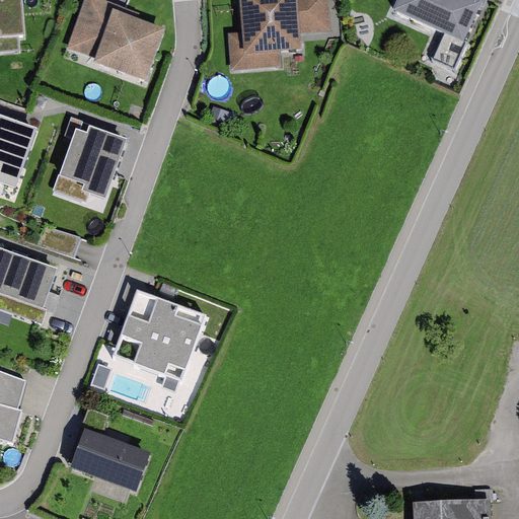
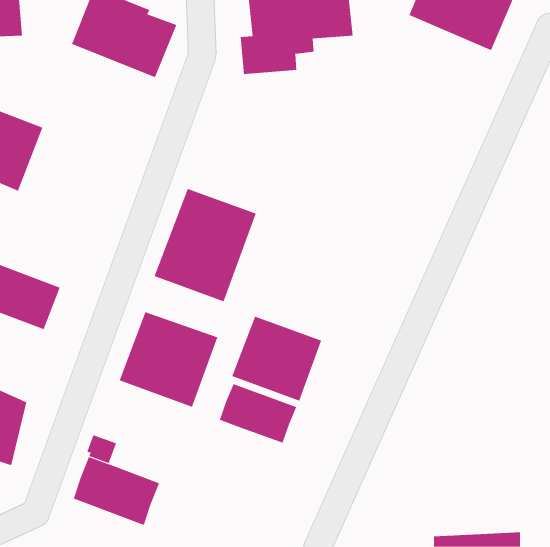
building: [58,126,126,200] -> none
building: none -> [154,188,257,302]
building: none -> [232,316,322,401]
building: none -> [219,383,297,444]

